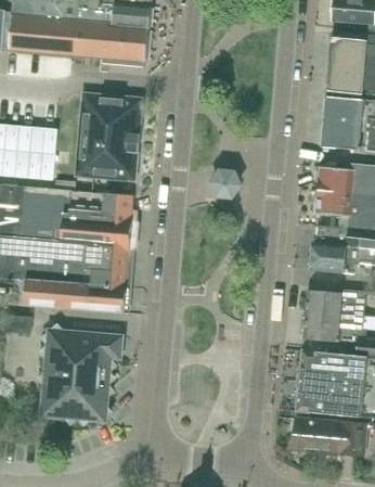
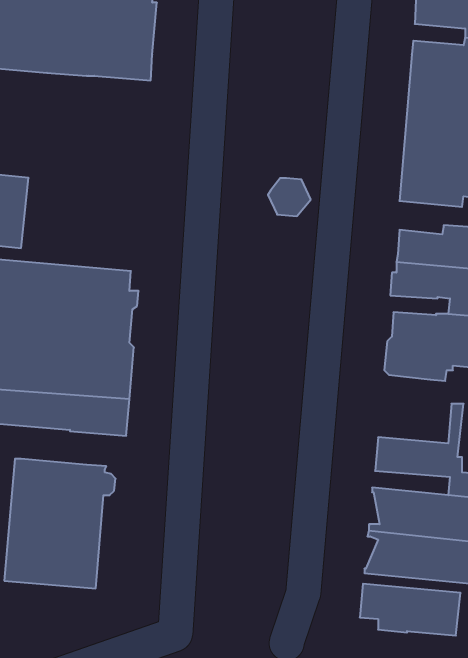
building: [75,92,142,180] -> none
building: [210,170,241,197] -> [268,178,311,216]
building: [306,289,358,319] -> none

